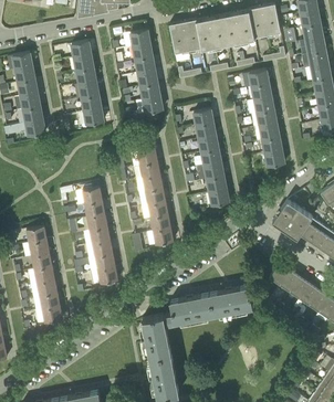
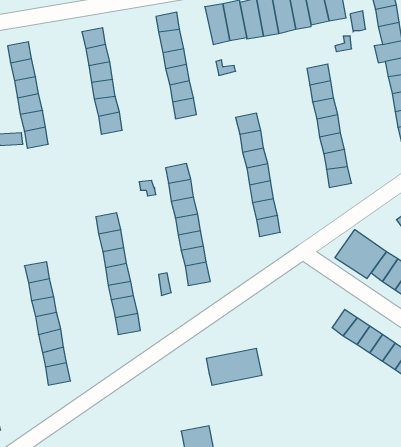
building: [209,287,252,316] -> none
building: [142,315,174,360] -> none

